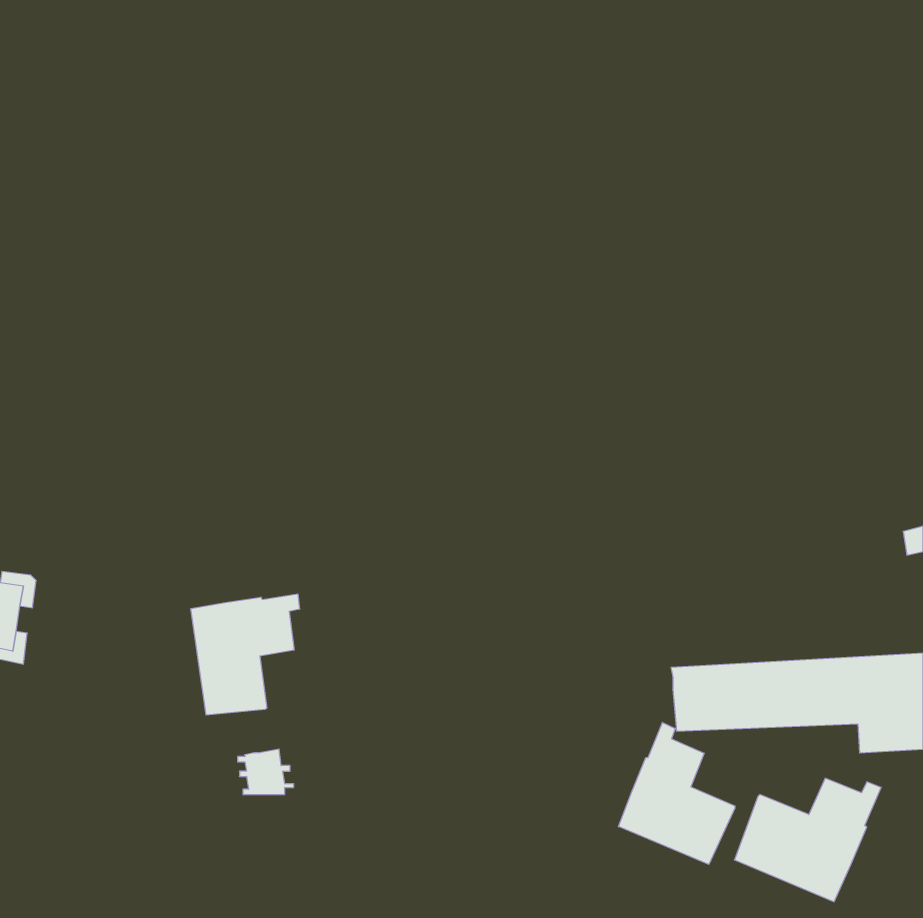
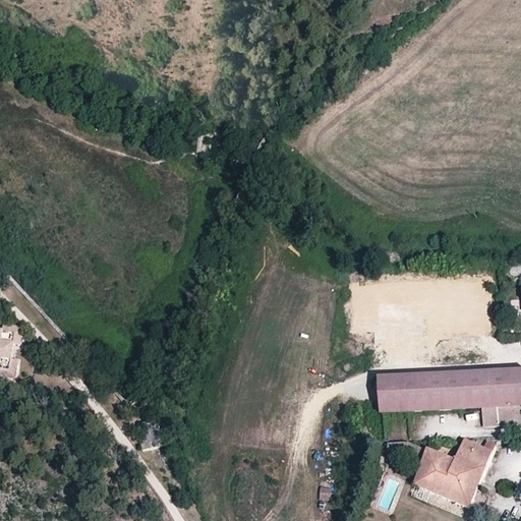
building: [191,594,300,715] -> none
building: [618,722,735,864] -> none

